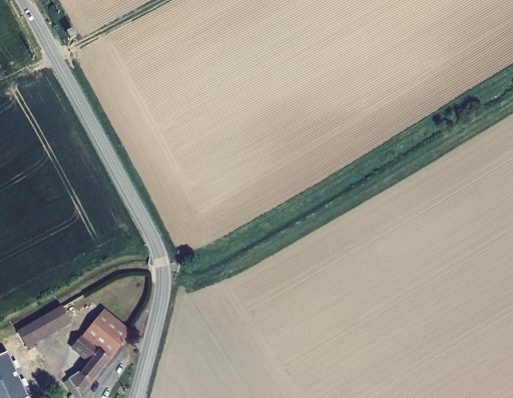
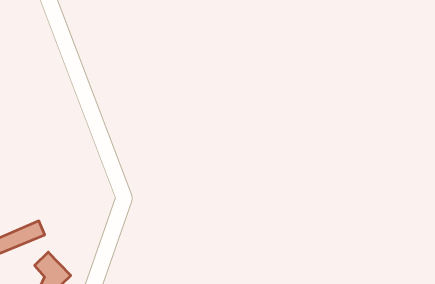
building: [87,309,130,354] -> none

